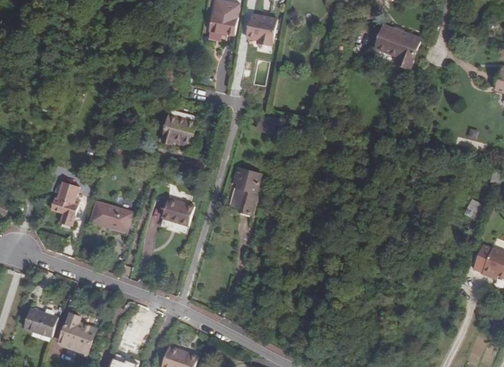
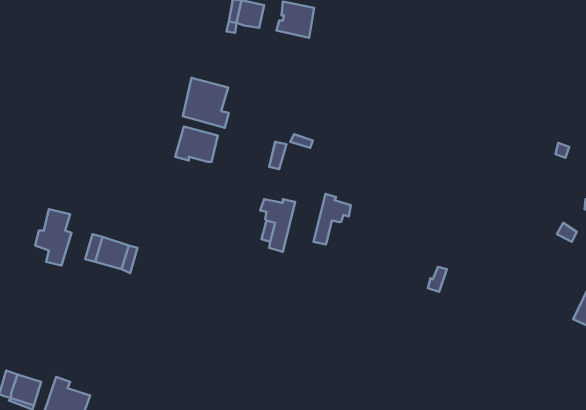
building: [375,25,421,69] -> none
building: none -> [183,78,229,128]
building: none -> [313,194,351,245]
building: [160,196,193,230] -> none

